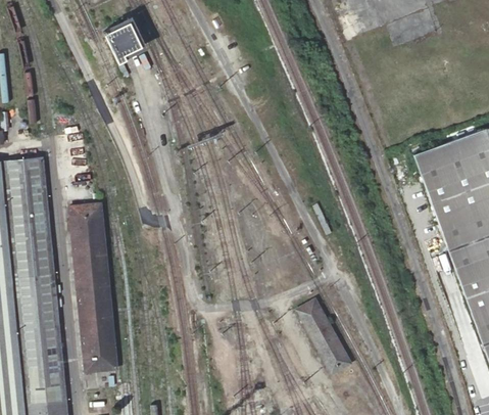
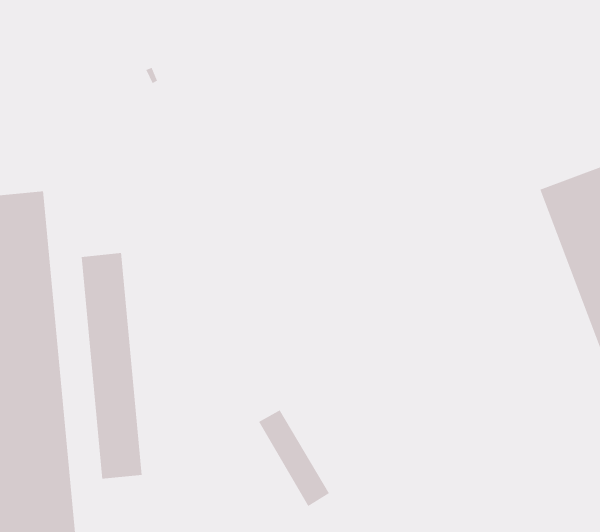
building: [105,24,143,64] -> none
building: [297,303,350,375] -> [258,409,330,507]

